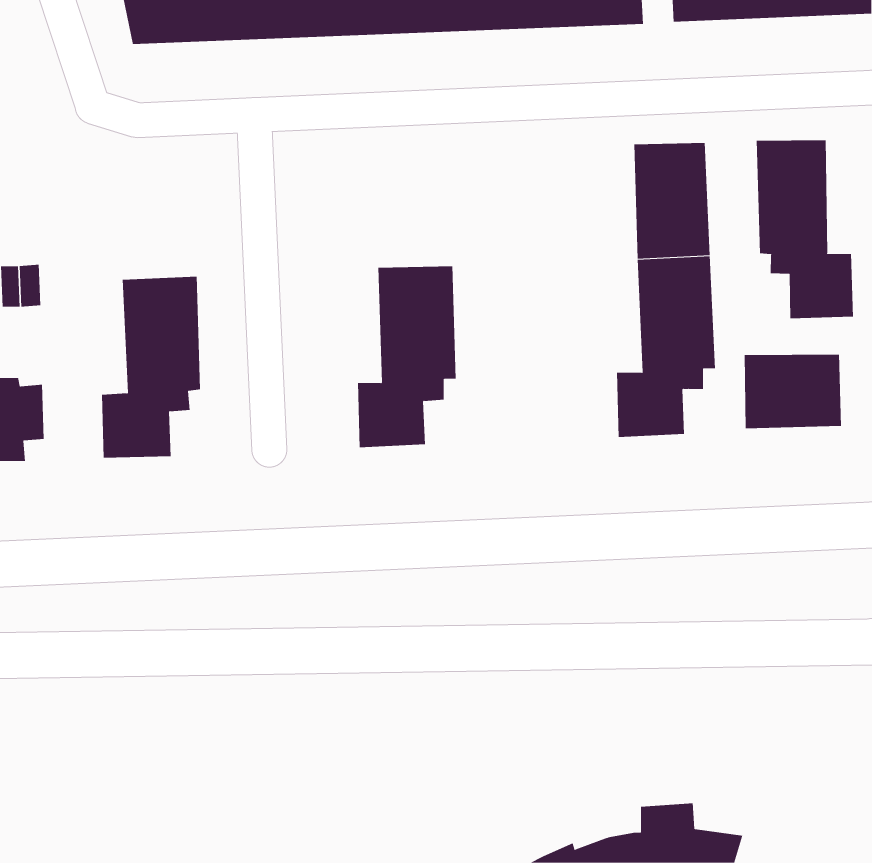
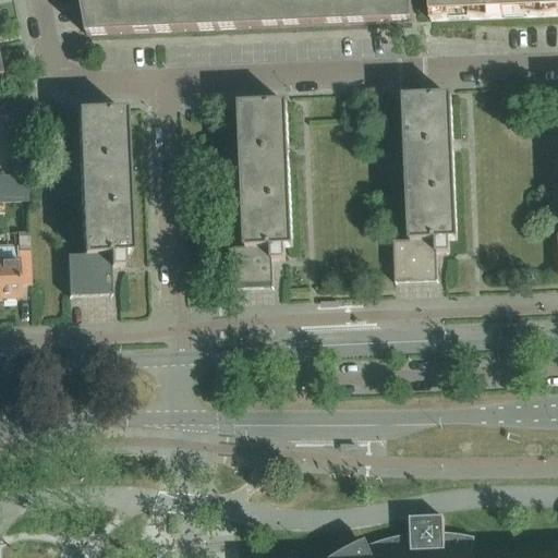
building: [756,139,853,319] -> none
building: none -> [238,97,288,170]
building: none -> [75,104,125,178]
building: [744,354,842,429] -> none

